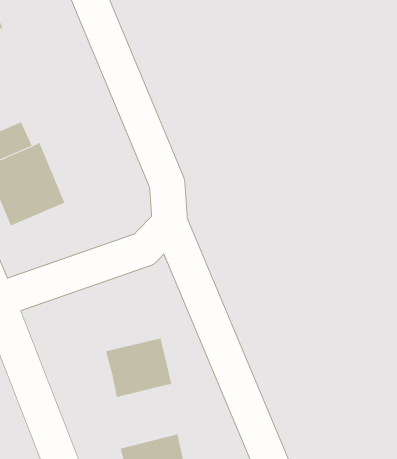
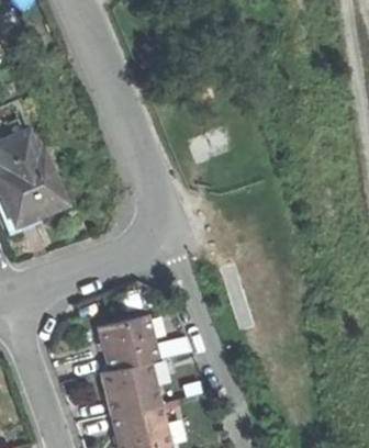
building: none -> [103,366,166,423]

